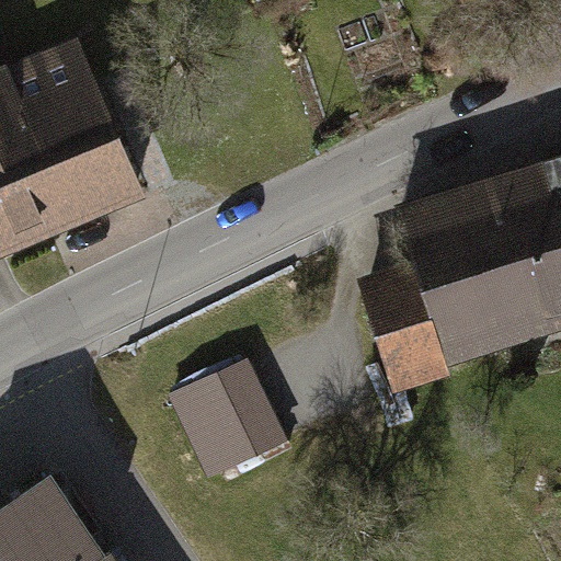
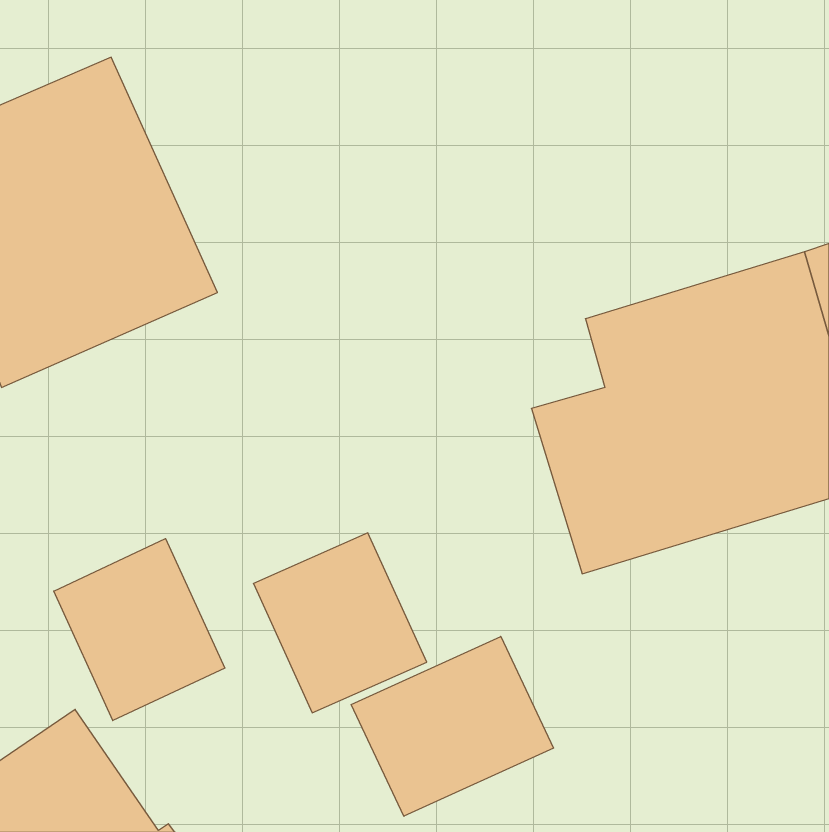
building: none -> [54,539,225,721]
building: none -> [351,636,553,816]

